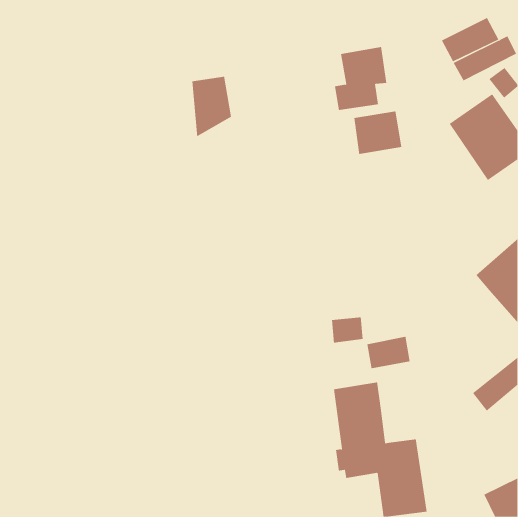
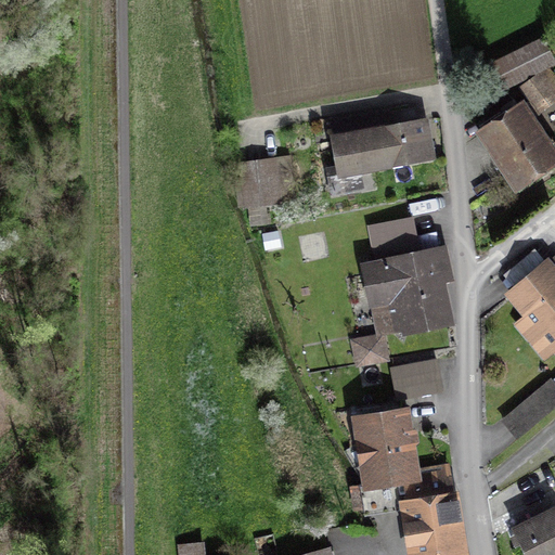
building: [441,17,499,62] -> none
building: [334,47,387,111] -> [326,126,383,194]
building: [191,76,232,137] -> [240,160,283,225]
building: none -> [363,217,453,336]

